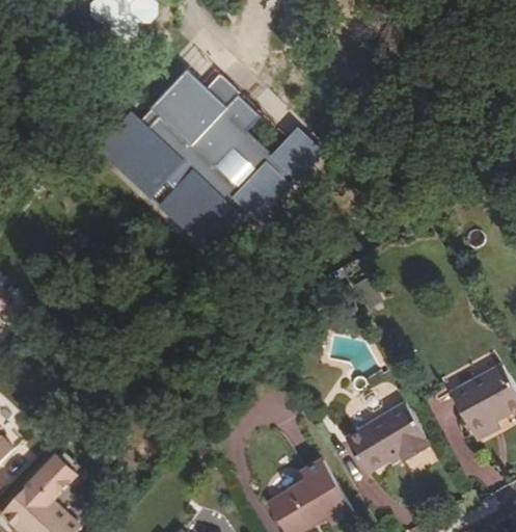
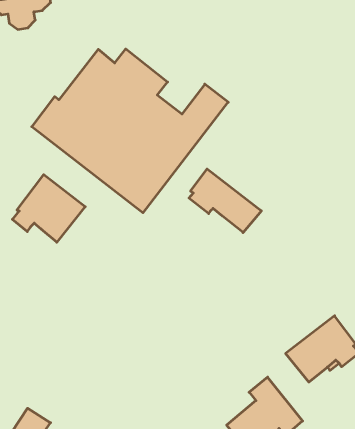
building: none -> [12,175,85,242]
building: none -> [189,169,261,233]

